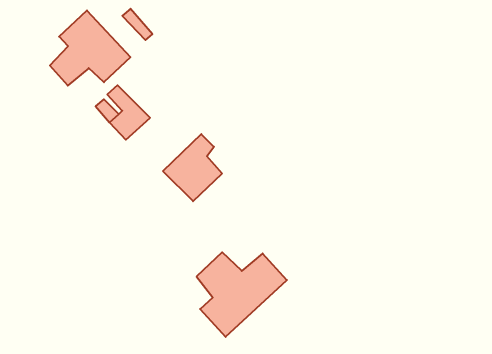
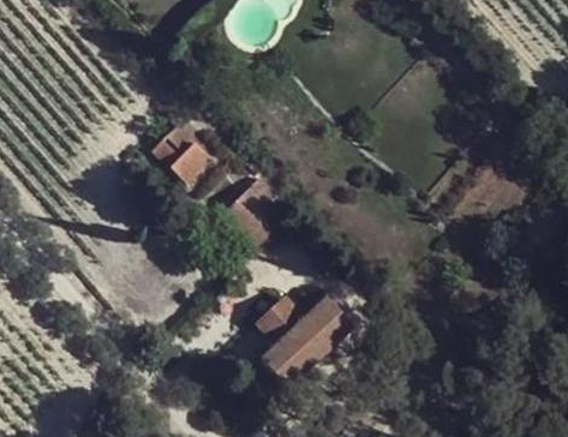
building: [50,10,130,86] -> none

